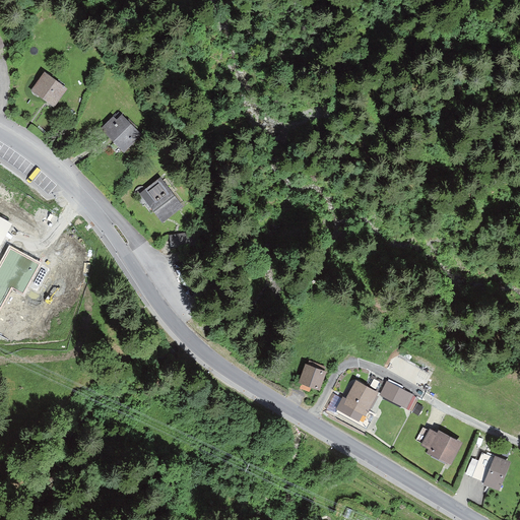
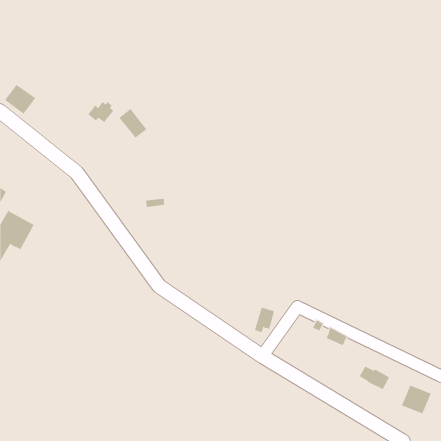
building: [29,71,67,107] -> [4,84,36,115]
building: [141,181,175,216] -> [119,108,147,139]
building: [337,384,375,428] -> none

